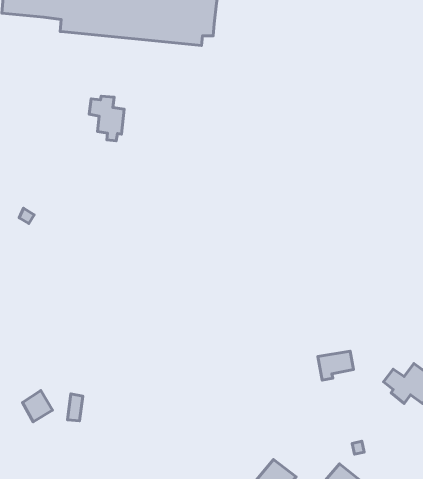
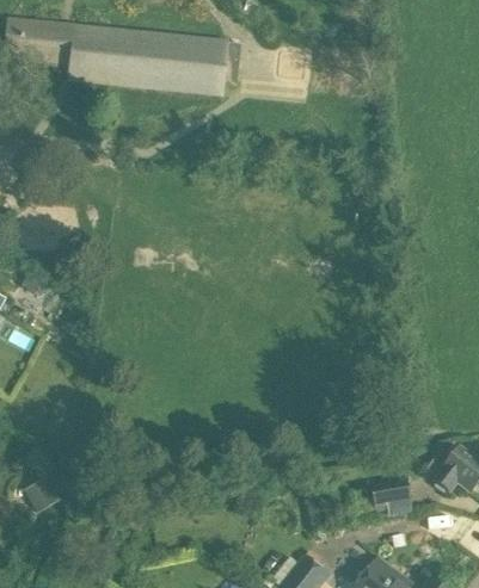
building: [89,96,124,141] -> none
building: [318,351,353,380] -> [369,481,409,513]

